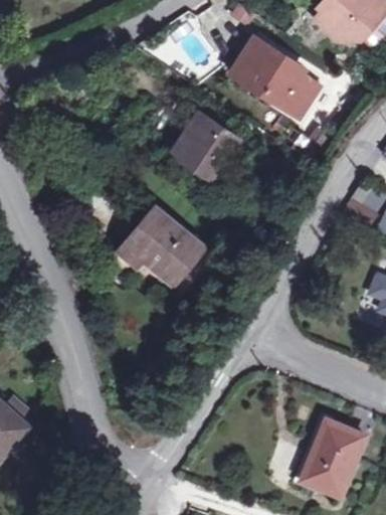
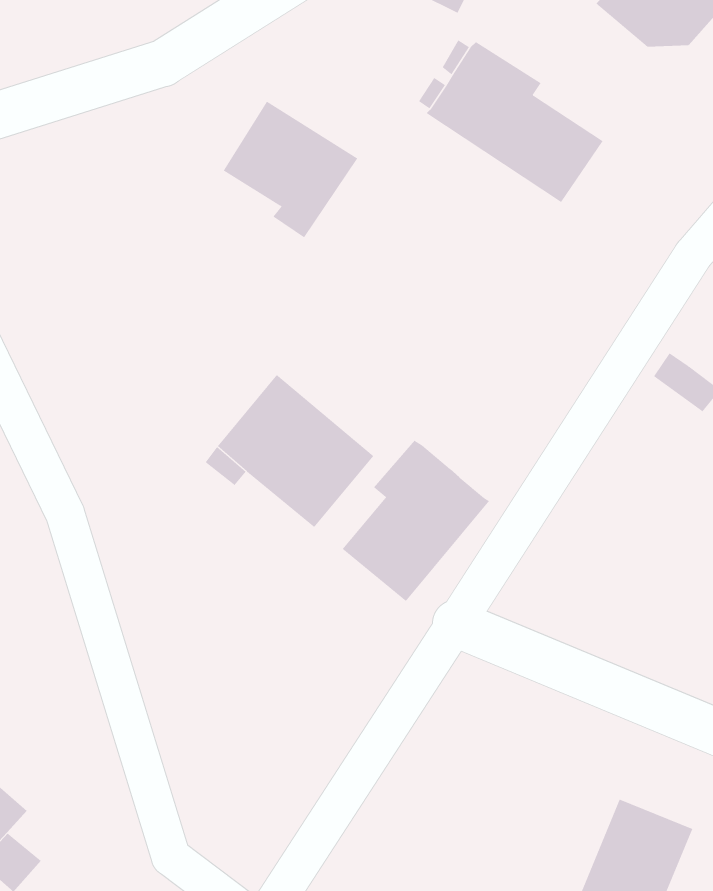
building: [177,115,245,184] -> [223,101,358,238]
building: none -> [342,440,490,602]

